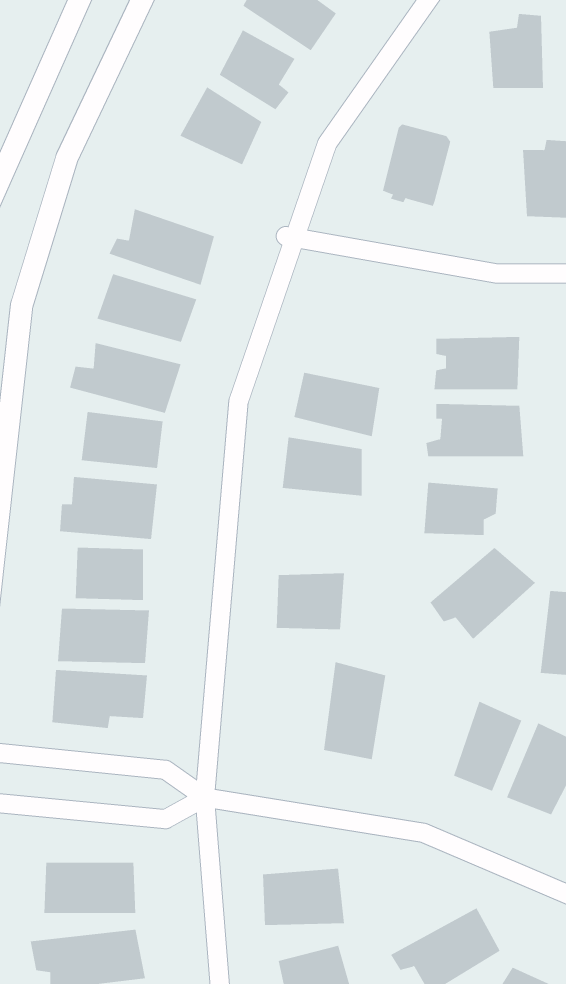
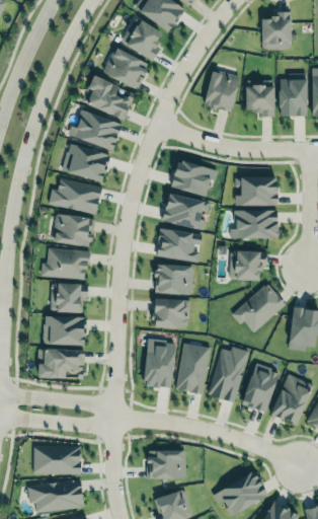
building: none -> [79,75,134,120]
building: none -> [243,80,274,116]
building: none -> [170,161,217,195]
building: none -> [153,268,190,294]
building: none -> [142,341,177,388]
building: none -> [209,347,248,401]

